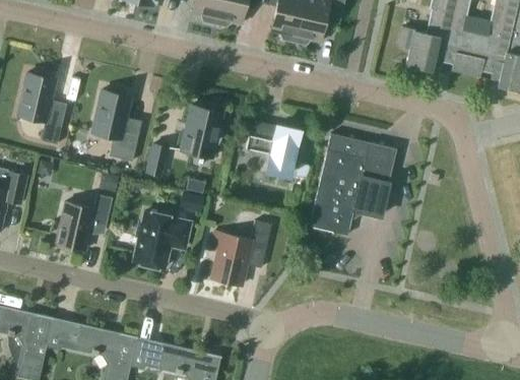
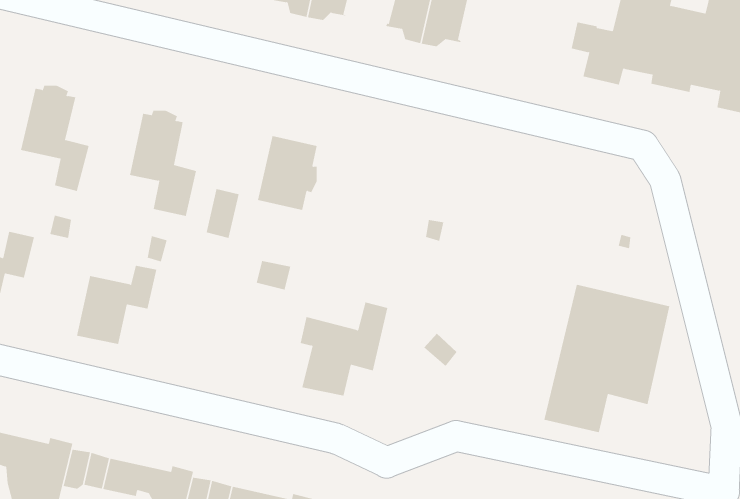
building: [246,124,303,174] -> none
building: [309,132,396,235] -> [544,284,670,433]
building: [134,210,189,267] -> none

